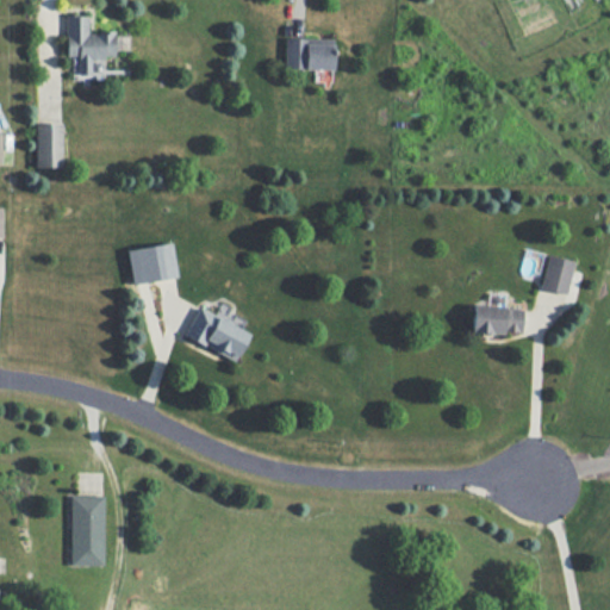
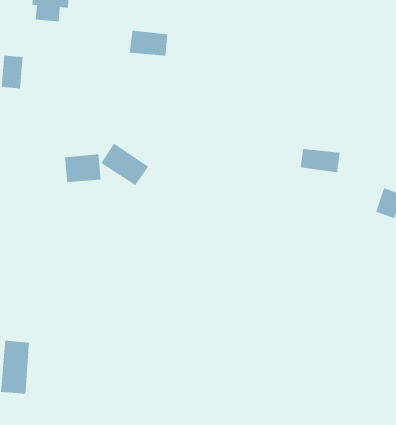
building: [287,38,336,69] -> [129,30,168,56]
building: [473,305,524,334] -> [300,148,341,173]
building: [187,306,251,361] -> [100,142,149,186]

